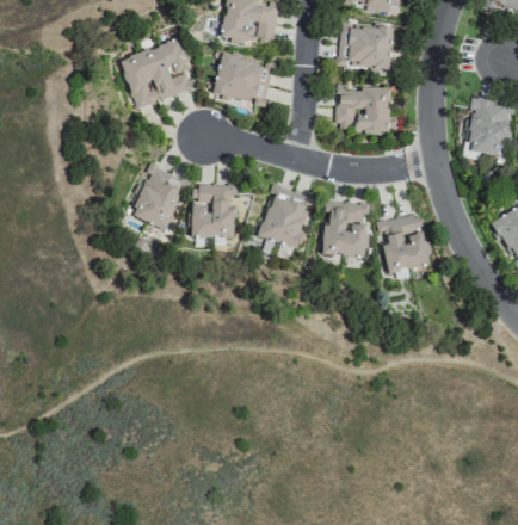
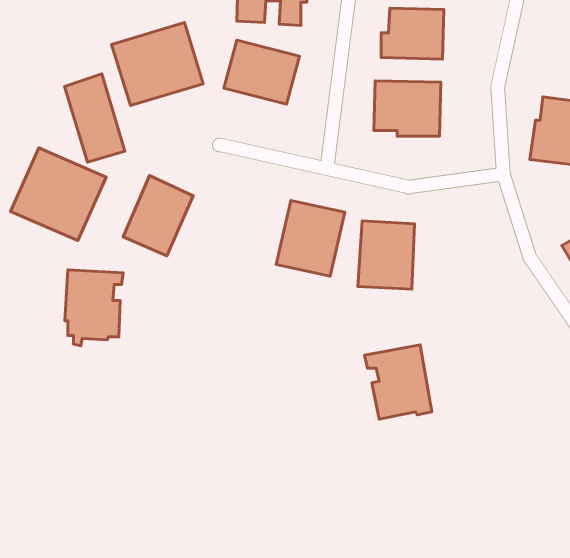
building: none -> [64,74,125,162]
building: none -> [10,148,106,241]
building: [190,183,238,245] -> [65,270,123,346]
building: [376,212,431,273] -> [365,345,432,419]

